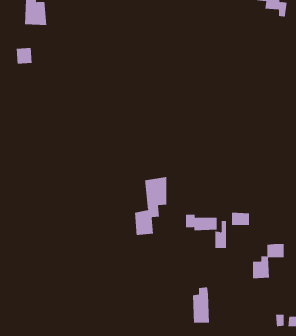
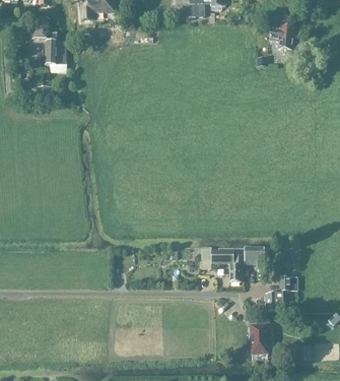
building: [135,176,167,236] -> none
building: [192,287,210,323] -> [251,317,268,353]

